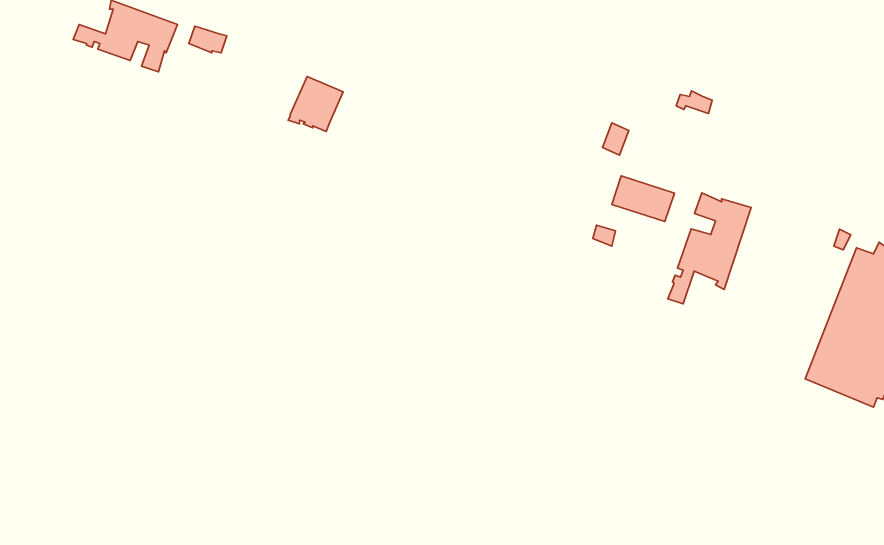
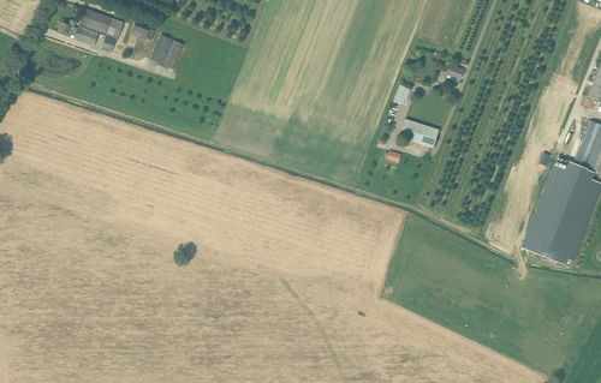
building: [288,77,343,132] -> [149,34,184,68]
building: [668,193,751,304] -> none

